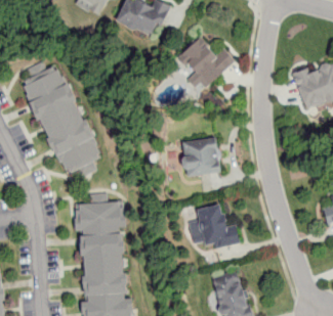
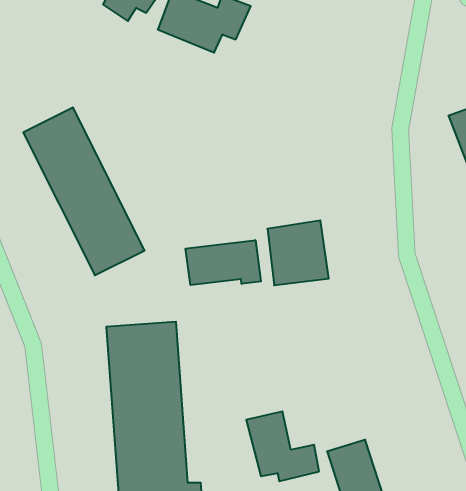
building: [173,39,232,89] -> none
building: none -> [186,240,261,285]
building: [198,205,243,247] -> [246,412,319,481]

